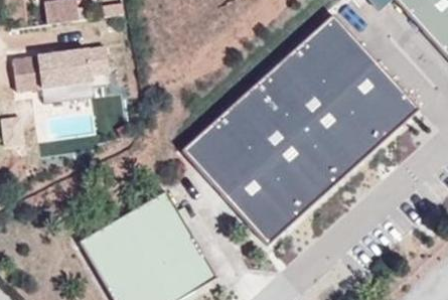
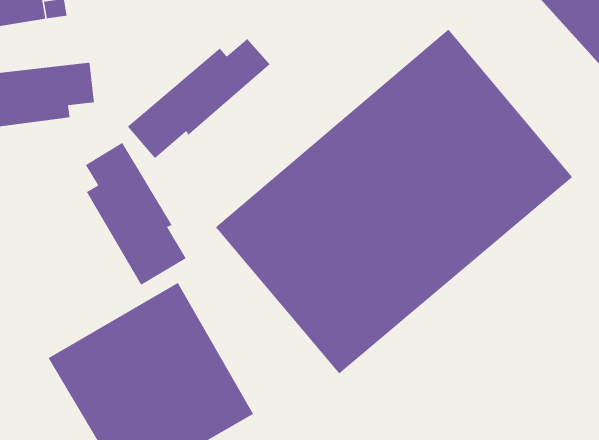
building: none -> [127,38,271,159]
building: none -> [85,142,187,286]

